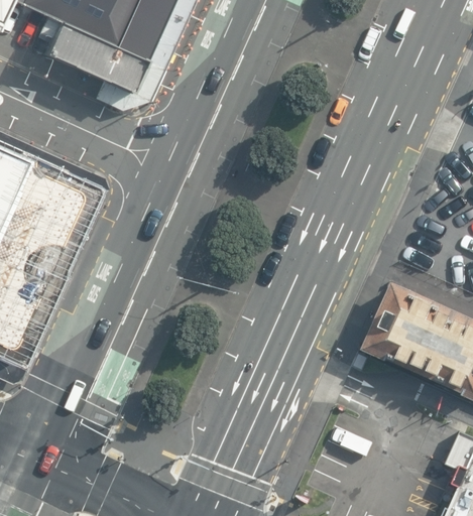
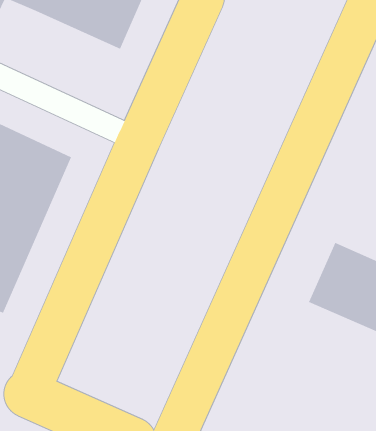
building: [37,15,146,95] -> none

